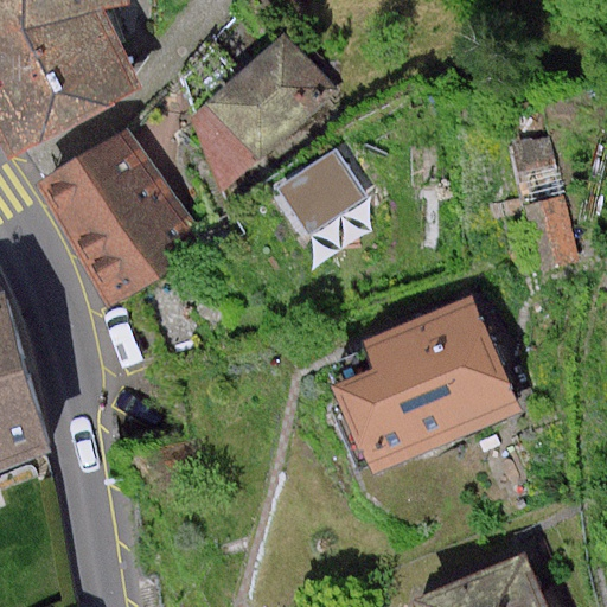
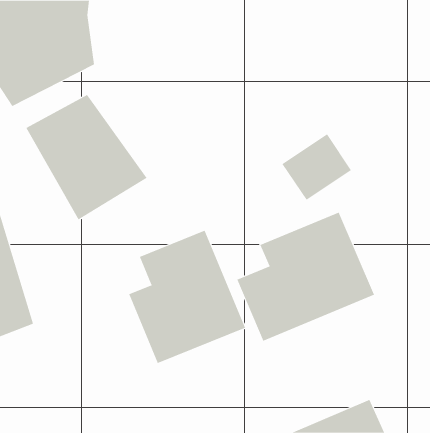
building: [187,36,337,194] -> none
building: [277,140,376,234] -> [282,134,352,201]
building: none -> [128,230,246,364]

